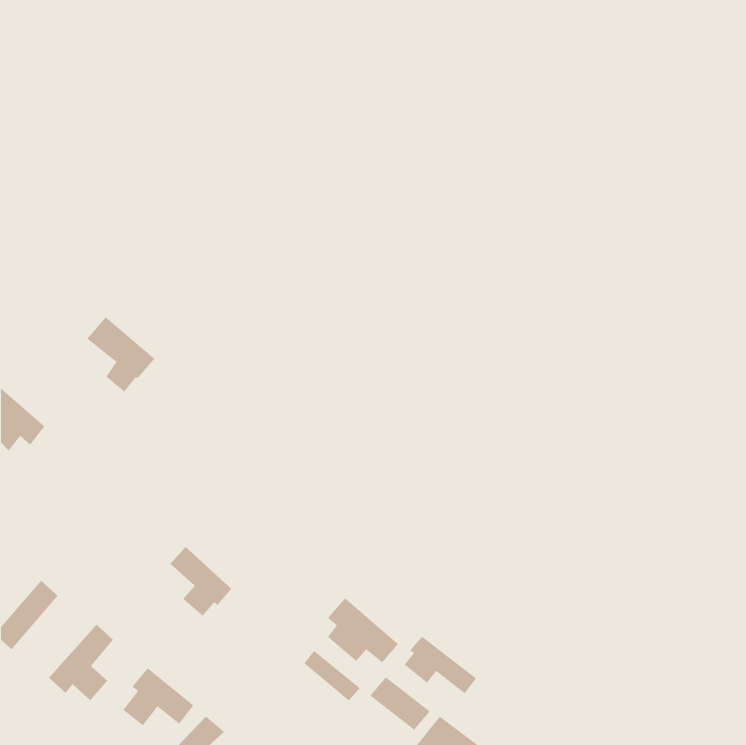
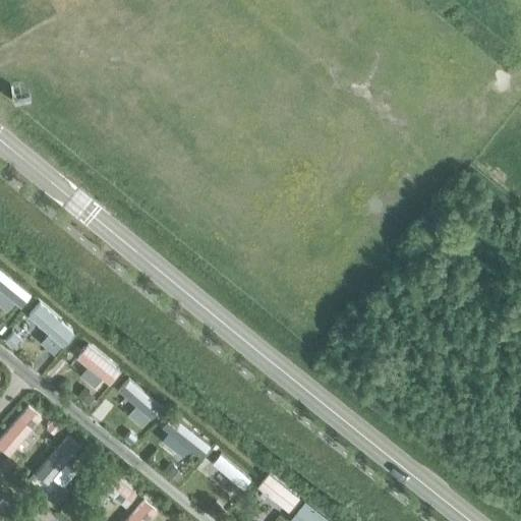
building: [86,317,155,392] -> [27,305,75,358]
building: none -> [76,347,121,390]
building: [327,597,399,663] -> [162,416,212,462]
building: [404,636,477,694] -> none

